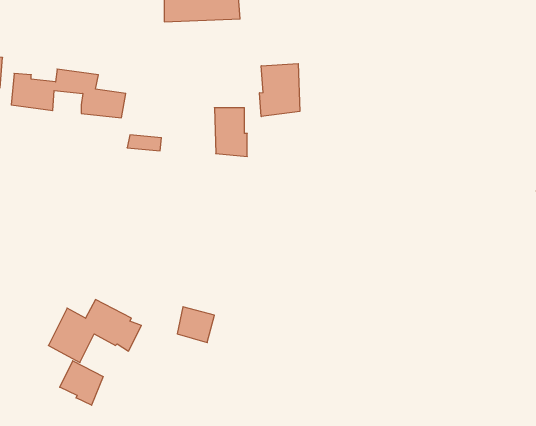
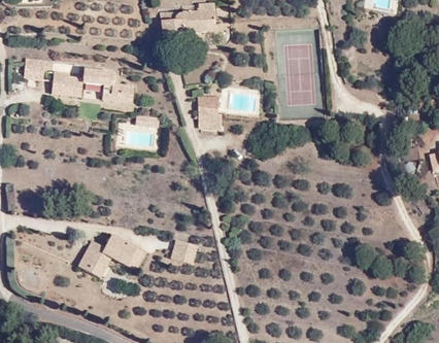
building: [260,64,300,117] -> none
building: [60,361,103,405] -> none

